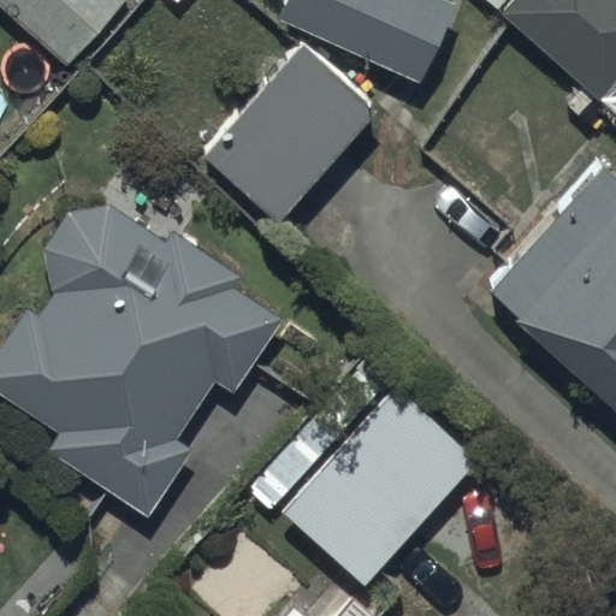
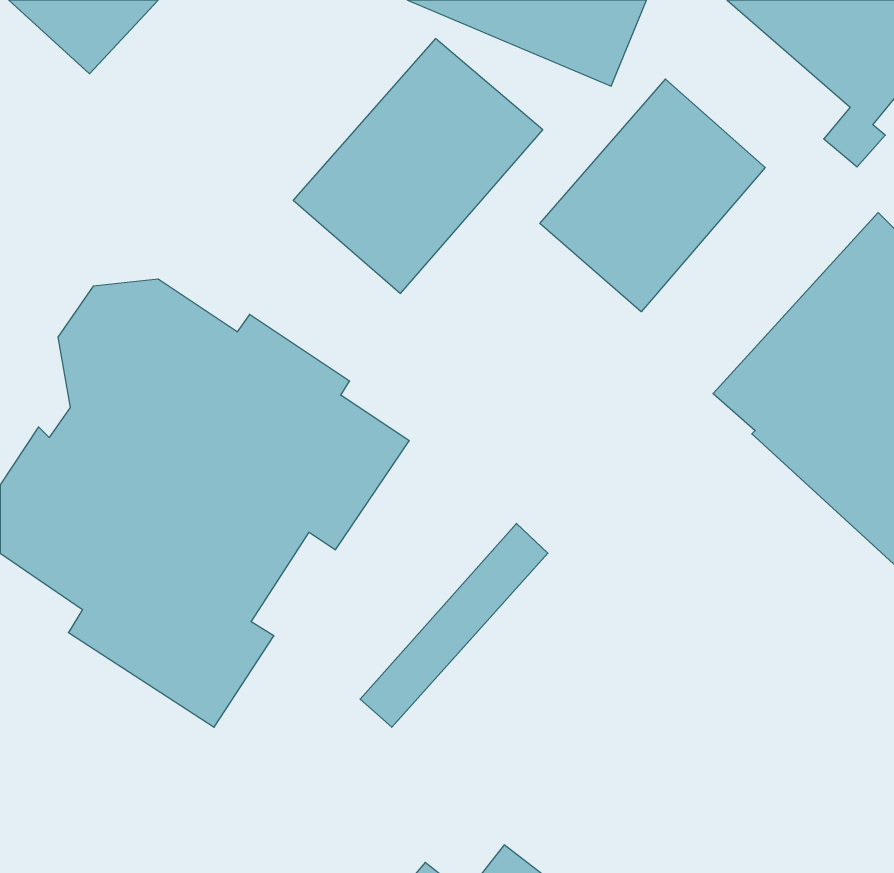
building: none -> [540,79,765,312]
building: [284,386,522,584] -> none

